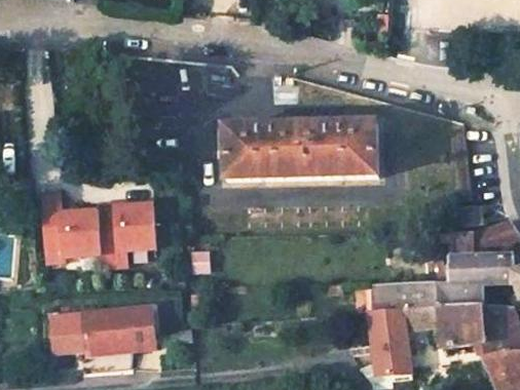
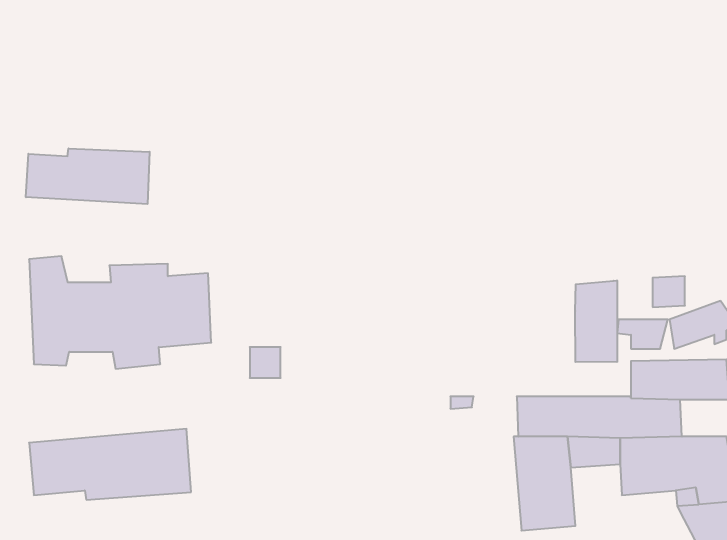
building: none -> [26,148,150,204]
building: [224,123,375,178] -> none
building: none -> [575,280,617,362]

